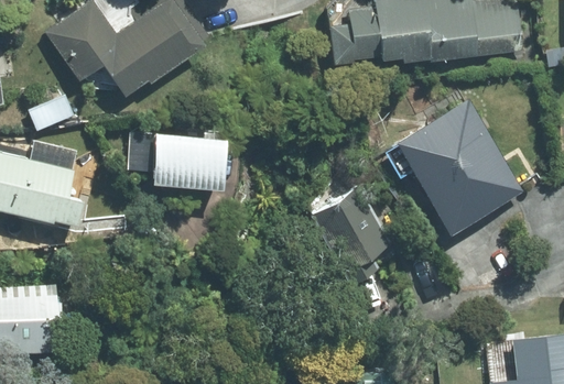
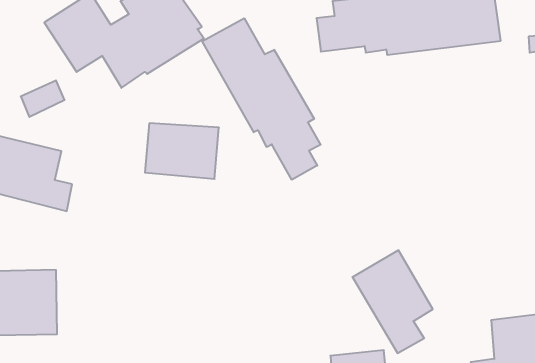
building: none -> [202,18,321,180]
building: [395,99,522,232] -> none
building: [308,185,391,290] -> [352,250,433,353]

